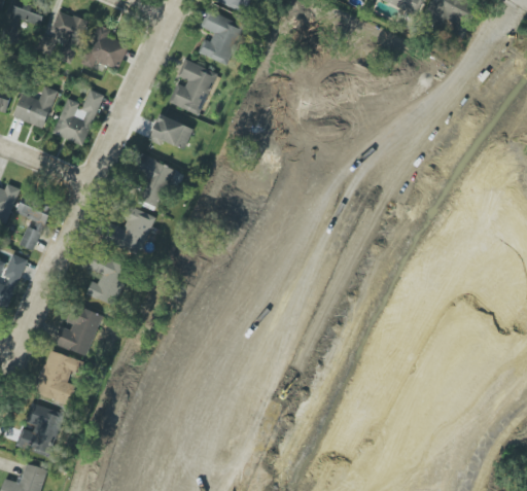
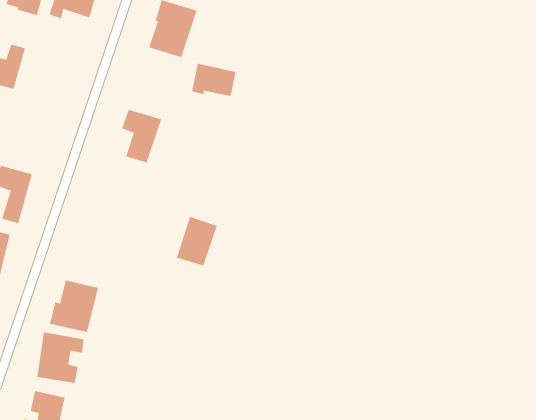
building: [52,89,104,145] -> none
building: [150,114,194,148] -> [191,63,237,97]
building: [115,206,156,253] -> [176,216,218,267]
building: [86,252,130,305] -> none

